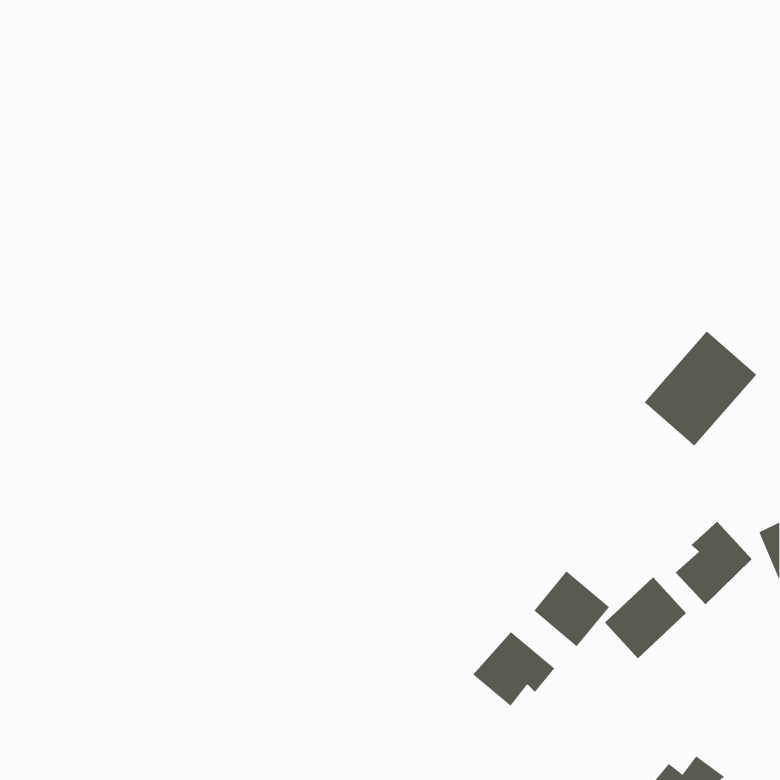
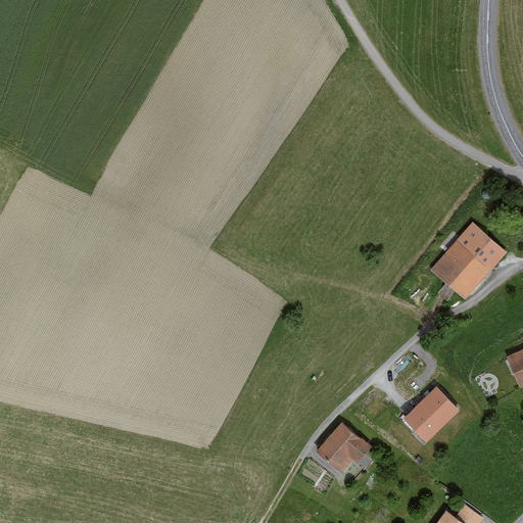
building: [675,521,752,605] -> none
building: [534,571,610,647] -> none

